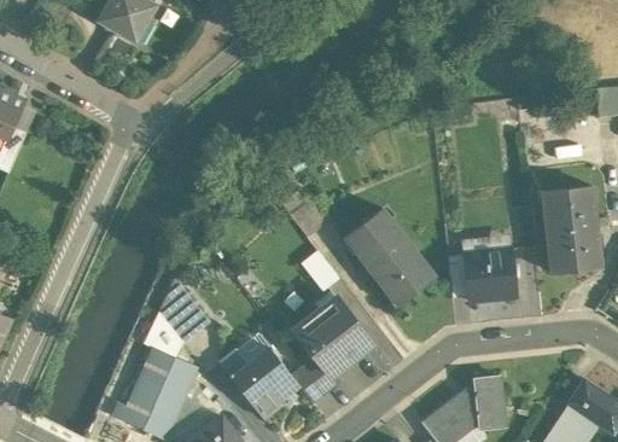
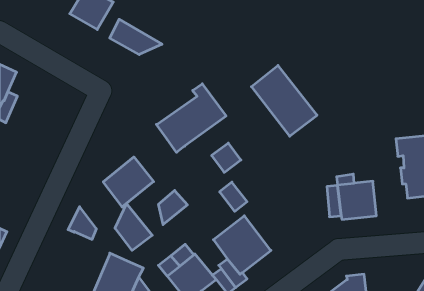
building: none -> [110,19,162,55]
building: none -> [156,84,226,152]
building: [345,208,435,304] -> [251,65,317,136]
building: none -> [103,157,154,207]
building: none -> [159,190,187,225]
building: [144,313,182,357] -> [68,207,96,239]

